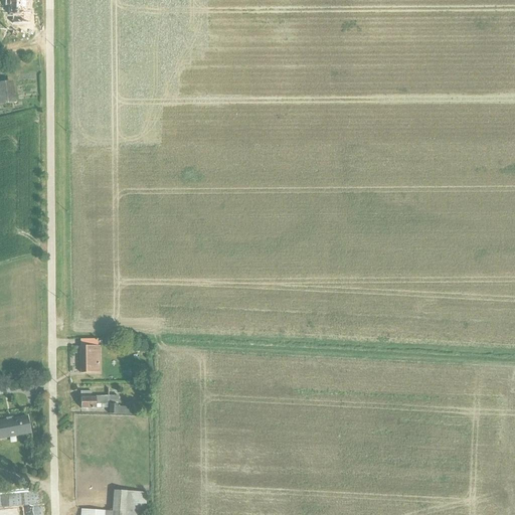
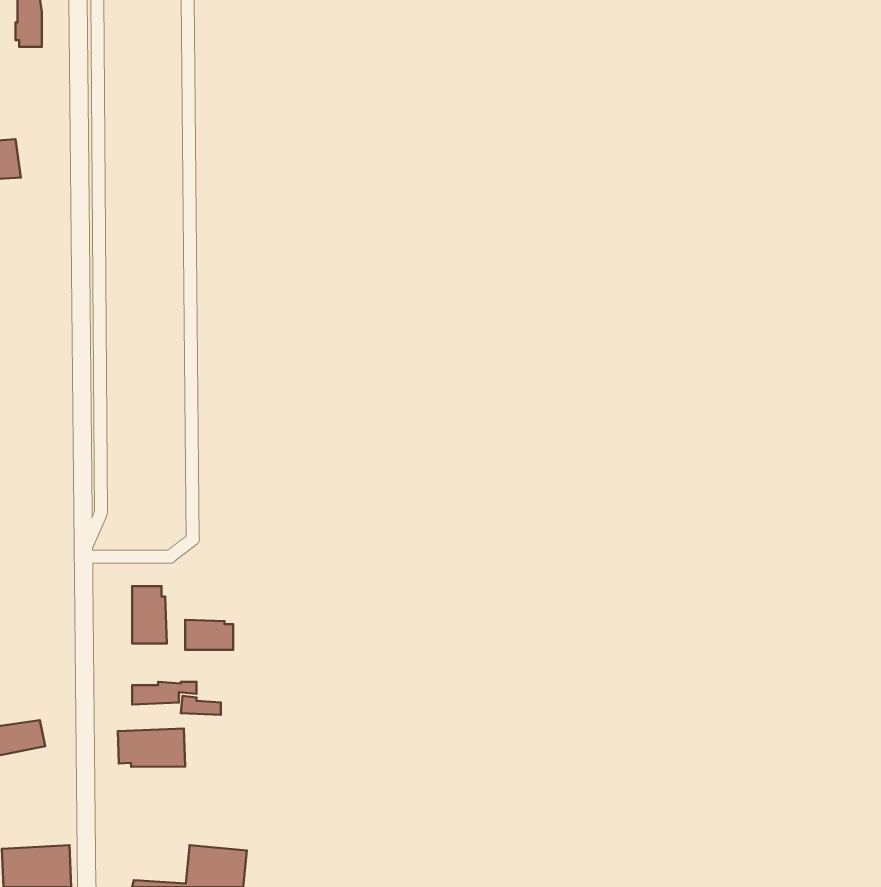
building: none -> [185,620,233,650]
building: none -> [118,729,185,767]

